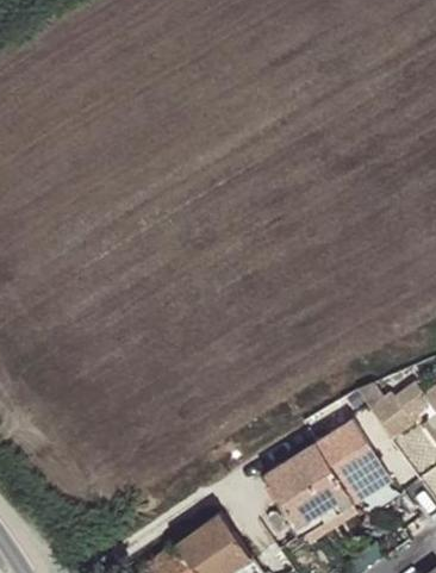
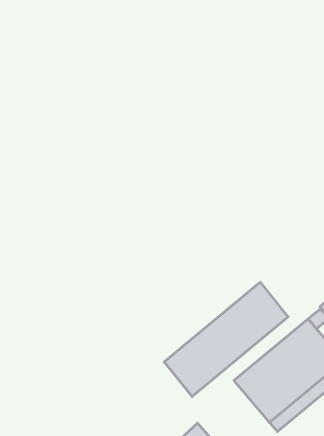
building: none -> [164,282,288,397]

